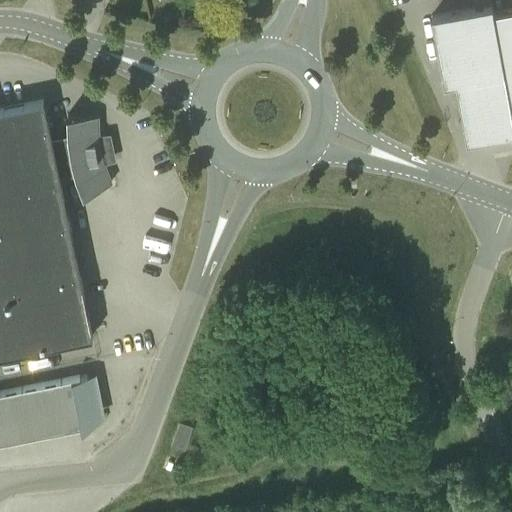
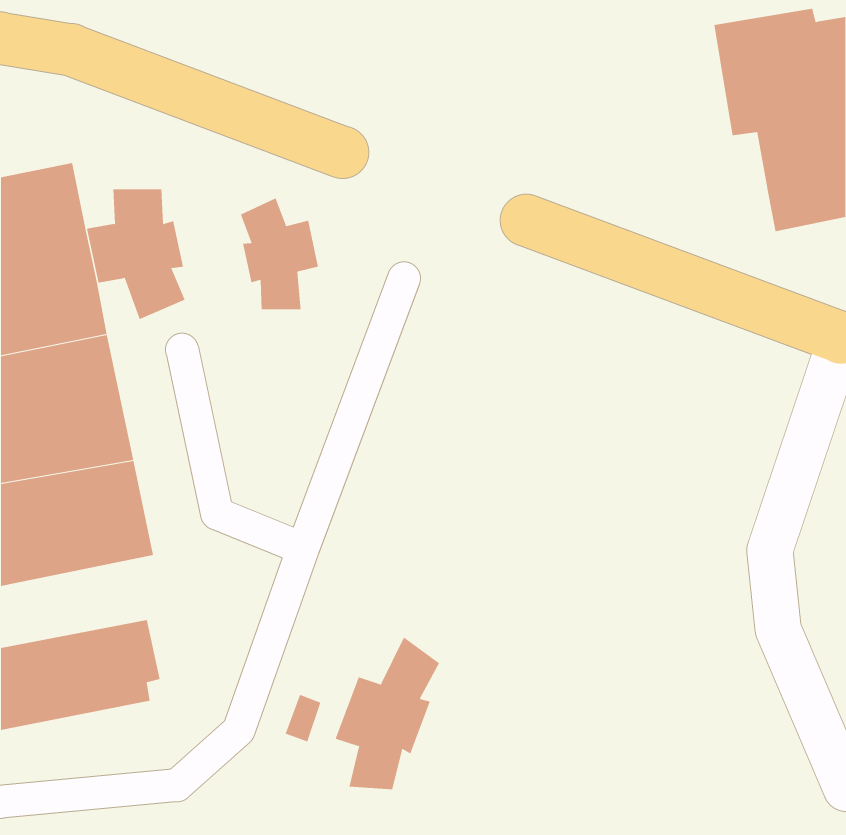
building: none -> [240,197,319,310]
building: none -> [335,637,440,790]

